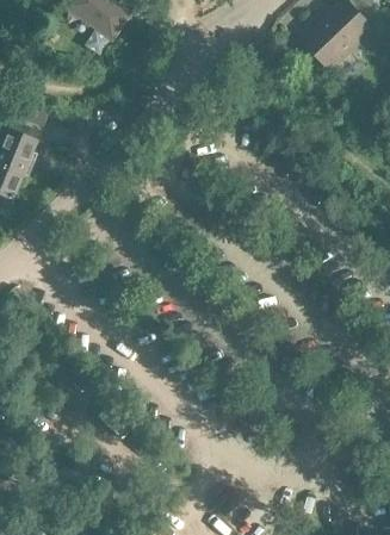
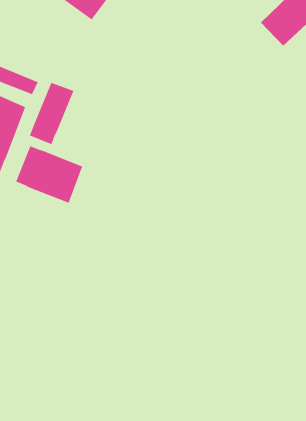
building: none -> [29,82,75,145]
building: none -> [15,145,83,204]

